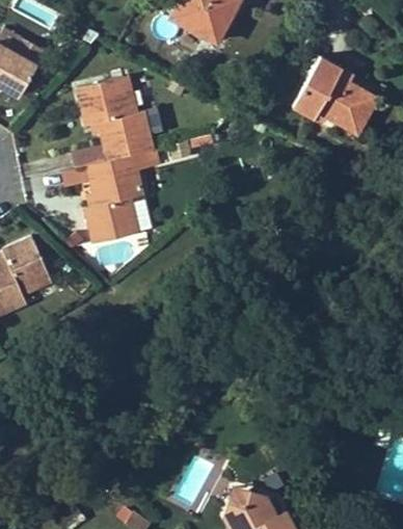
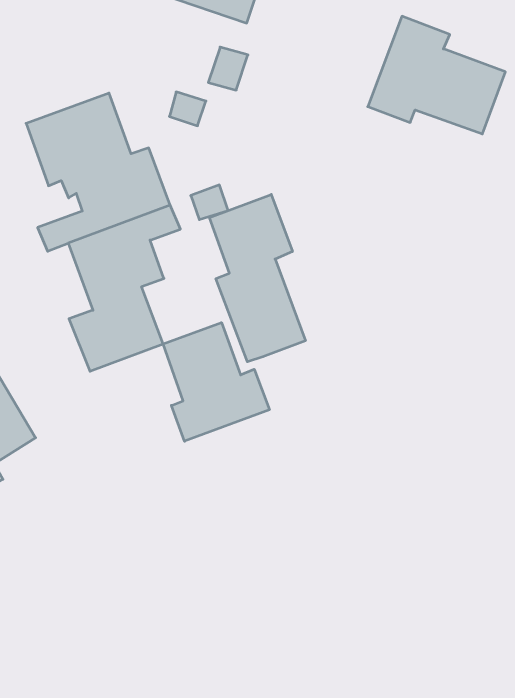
building: none -> [209,194,305,362]
building: none -> [163,323,269,441]

